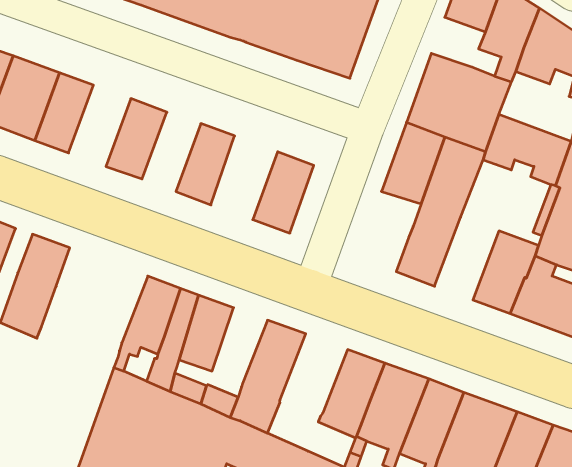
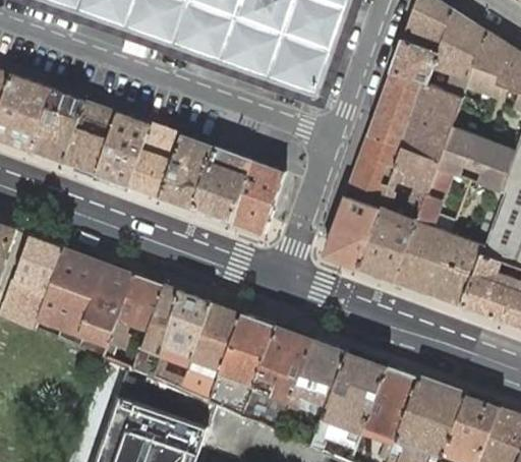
building: none -> [390,40,439,84]
building: none -> [63,101,119,174]
building: none -> [129,125,182,196]
building: none -> [191,147,251,222]
building: none -> [393,168,451,294]
building: none -> [324,196,381,269]
building: none -> [39,247,134,345]
building: none -> [192,301,242,369]
building: none -> [242,325,314,430]

